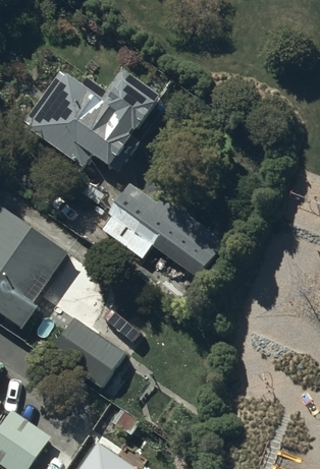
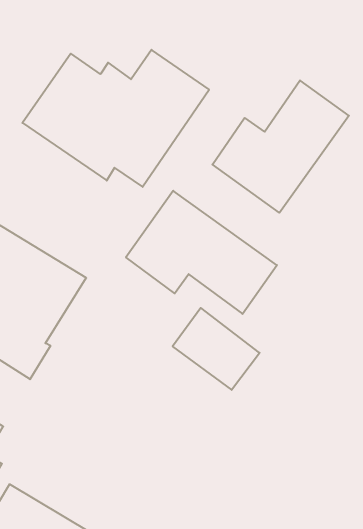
building: none -> [212,80,349,213]
building: [50,317,119,383] -> [173,308,260,390]

